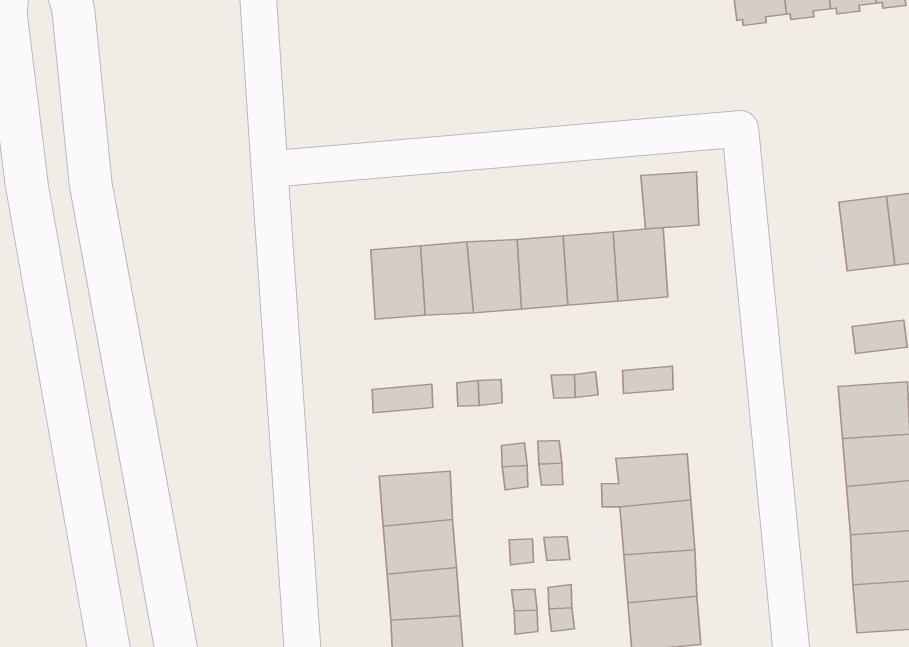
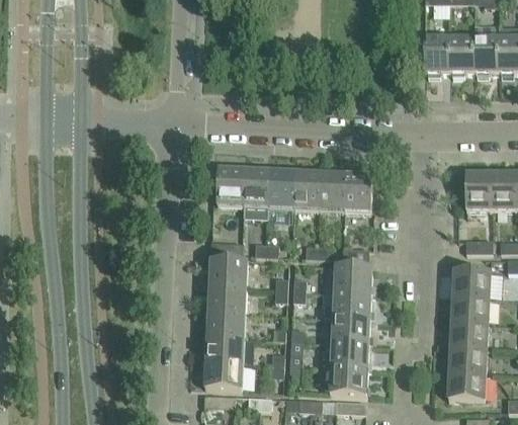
building: [641,172,699,229] -> none
building: none -> [333,265,371,294]
building: none -> [208,259,247,288]

